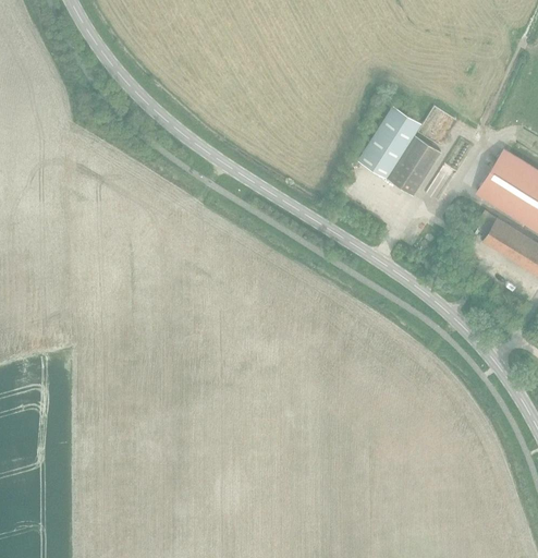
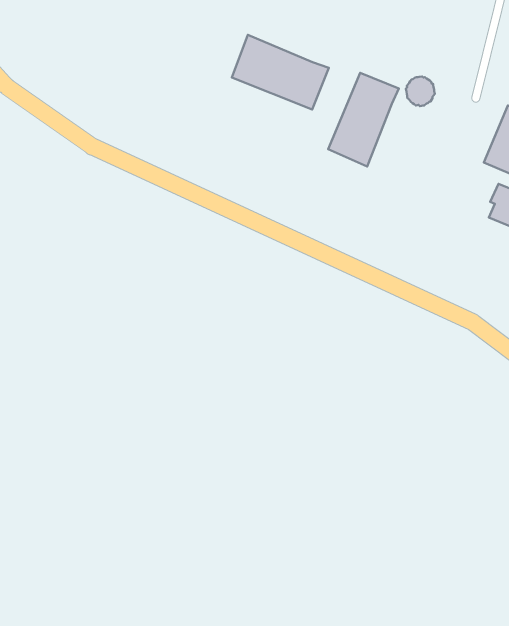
building: none -> [232,35,329,109]
building: [387,135,441,196] -> none

